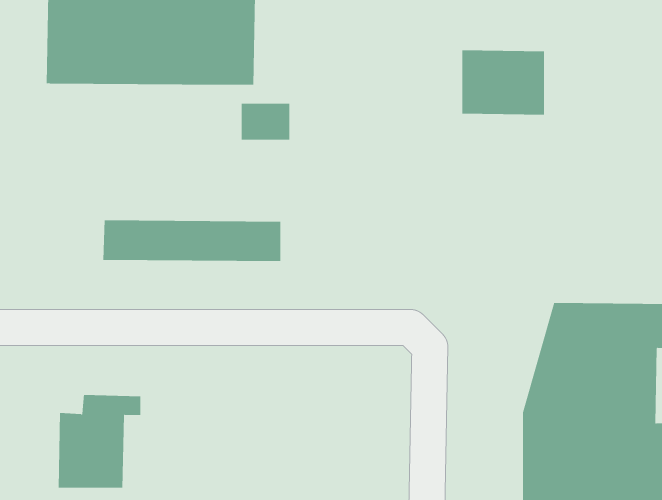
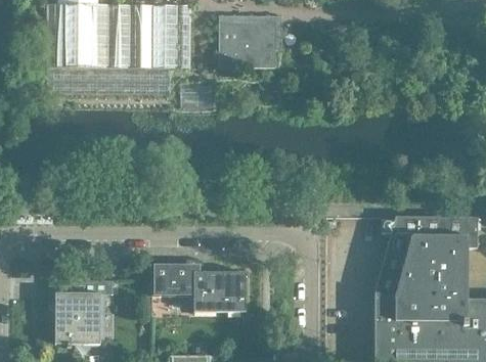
building: [462,50,545,115] -> [219,24,276,69]
building: [103,220,281,262] -> [48,66,171,95]
building: none -> [152,260,247,312]

